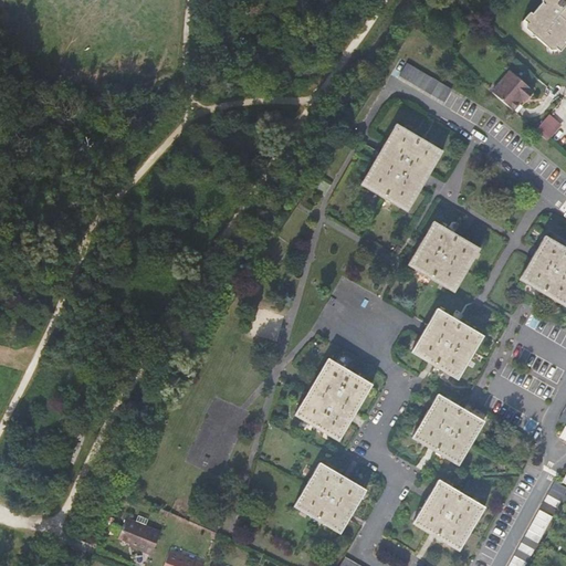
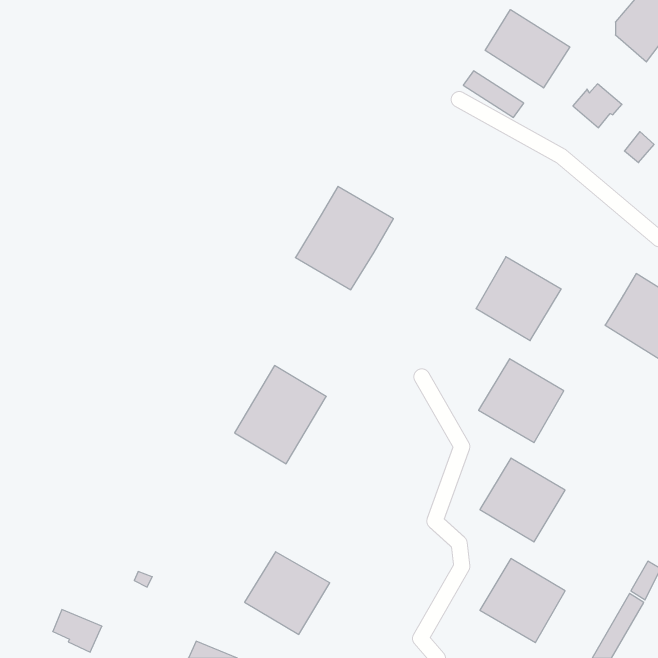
building: none -> [485,10,570,88]
building: [360,123,444,211] -> [295,186,393,290]
building: [295,357,374,441] -> [235,366,326,464]
building: [294,462,367,533] -> [245,552,330,634]
building: [118,518,160,555] -> [53,610,102,652]

